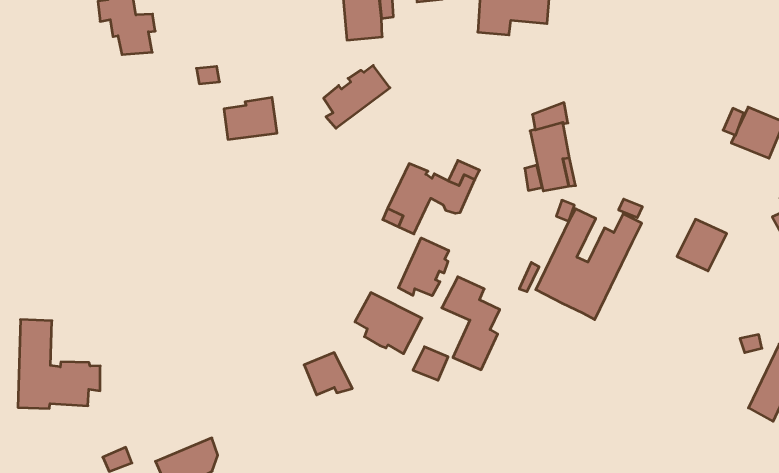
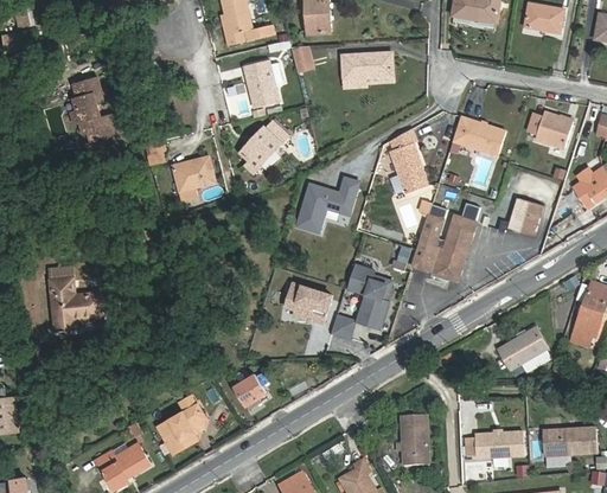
building: none -> [452,116,505,154]
building: [398,238,449,296] -> none
building: [18,320,100,408] -> [49,264,113,329]
building: [304,353,352,395] -> [235,373,271,405]
building: none -> [499,326,547,366]

